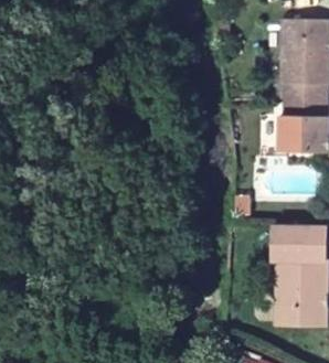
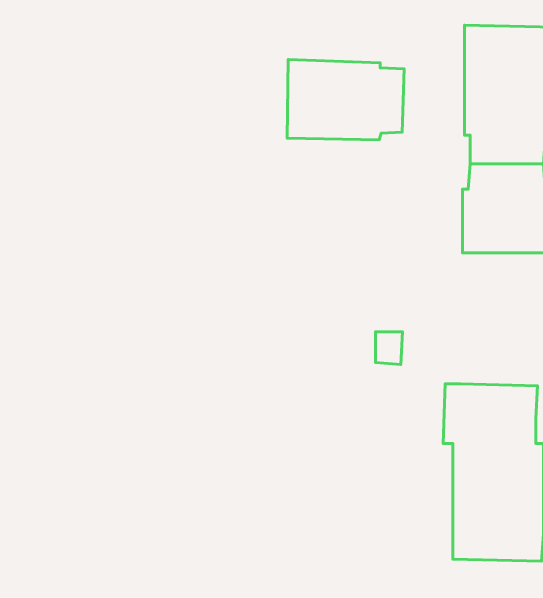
building: none -> [287,60,404,140]

